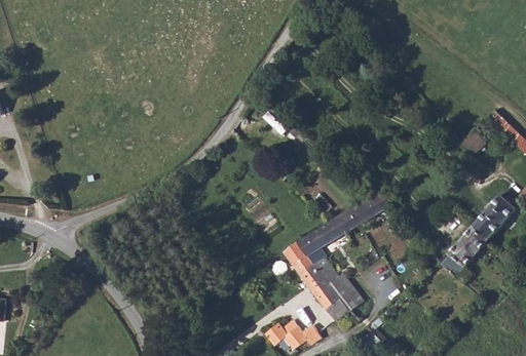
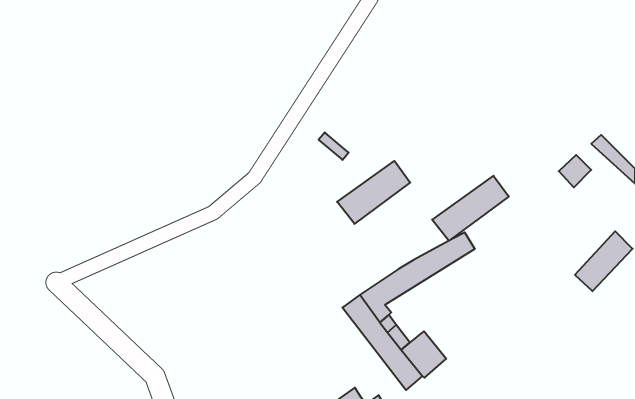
building: none -> [337,161,410,224]
building: none -> [432,176,509,241]
building: [438,226,487,272] -> none

